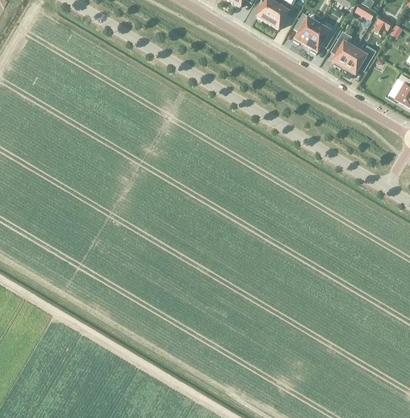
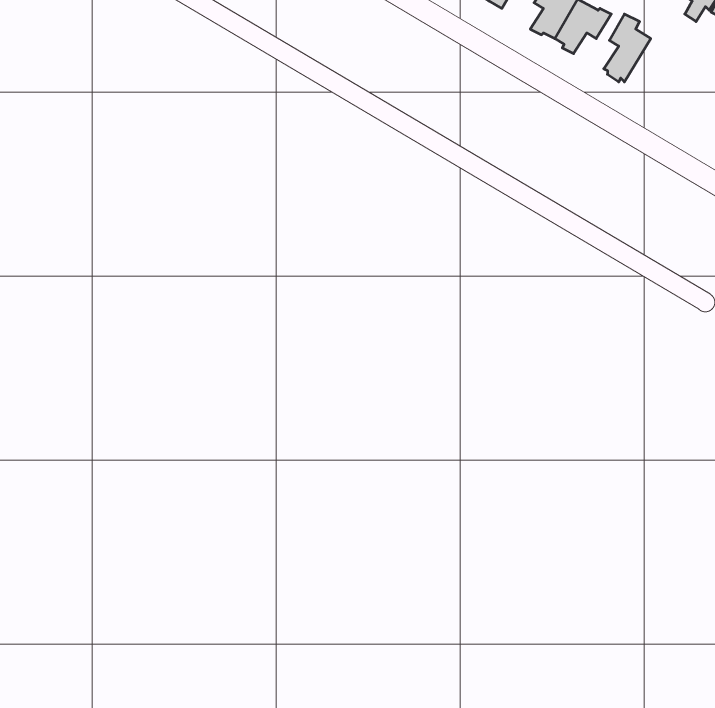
building: [343,45,375,74] -> none

